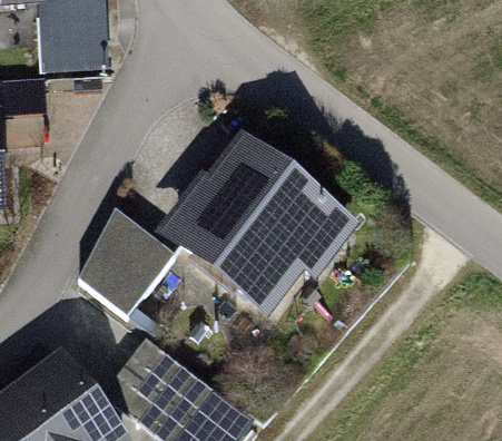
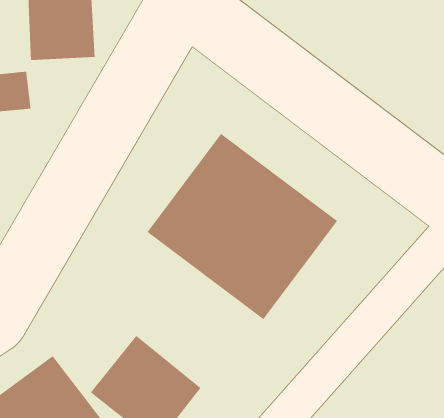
building: [81,218,168,307] -> none

